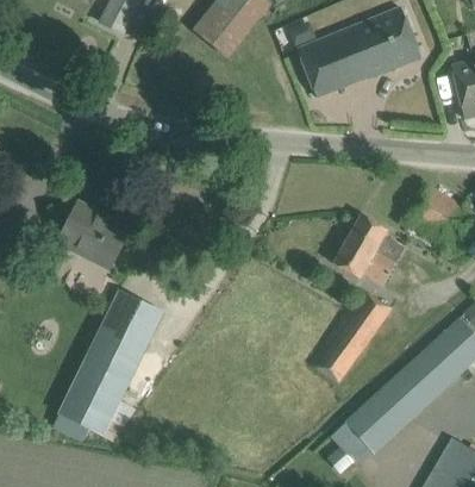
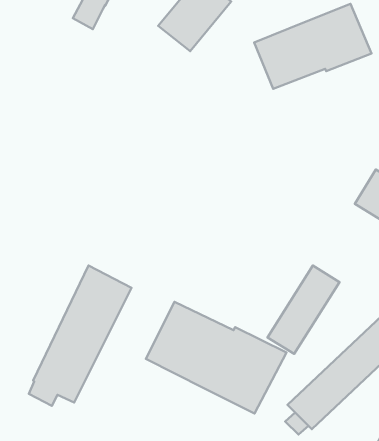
building: [58,201,130,262] -> none
building: [337,214,404,283] -> none
building: none -> [146,302,286,414]

